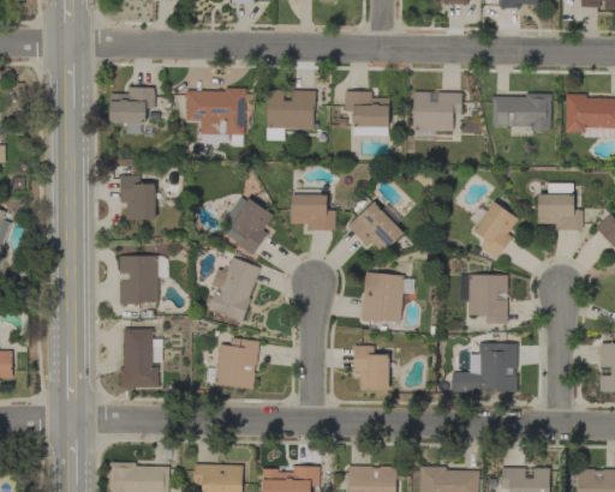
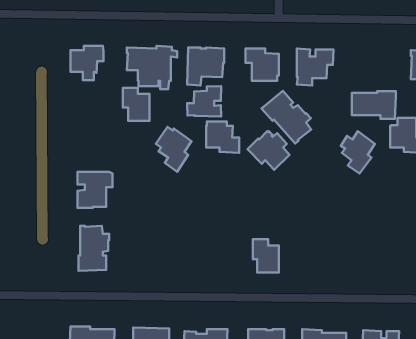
building: [491,94,550,131] -> [352,91,396,119]
building: none -> [187,86,221,116]
building: none -> [261,91,311,144]
building: [119,175,155,220] -> [123,88,150,121]
building: [207,257,259,323] -> none
building: [360,271,413,323] -> none
building: [456,275,507,323] -> none
building: [204,337,258,389] -> none
building: [450,342,517,392] -> none

